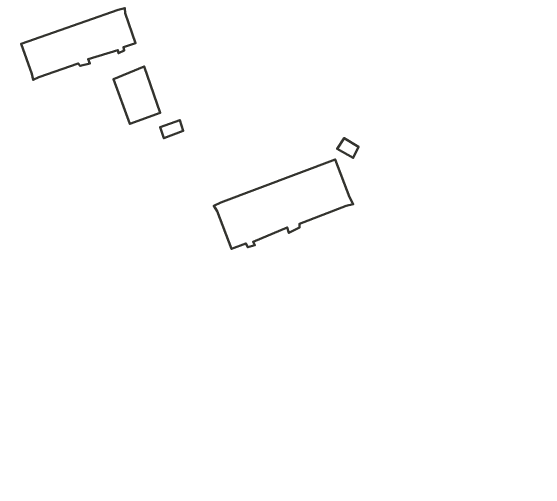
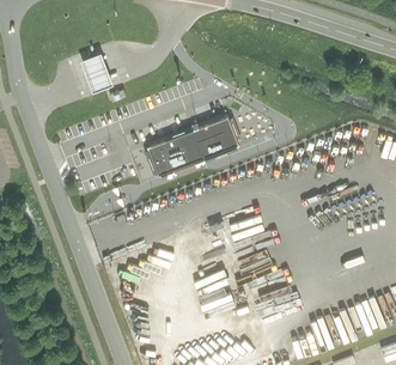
building: [21,8,136,80] -> none

